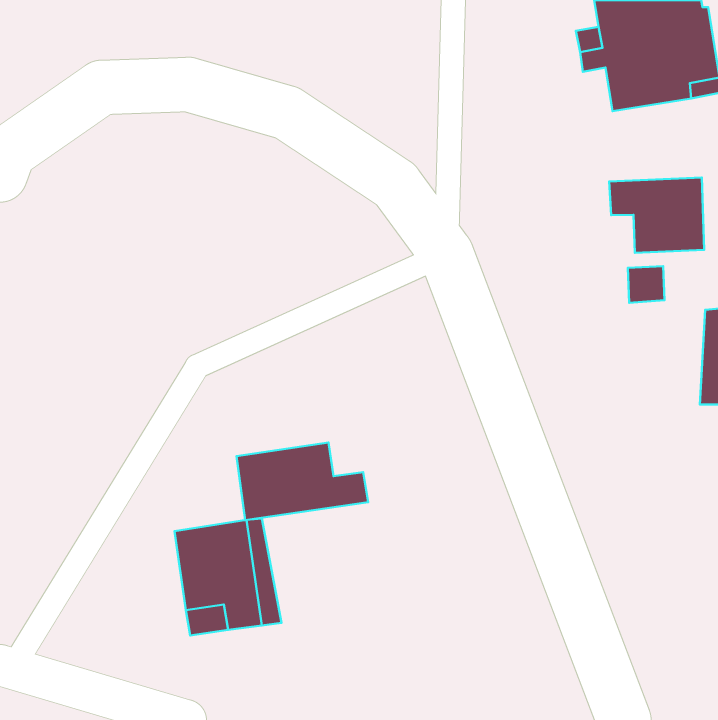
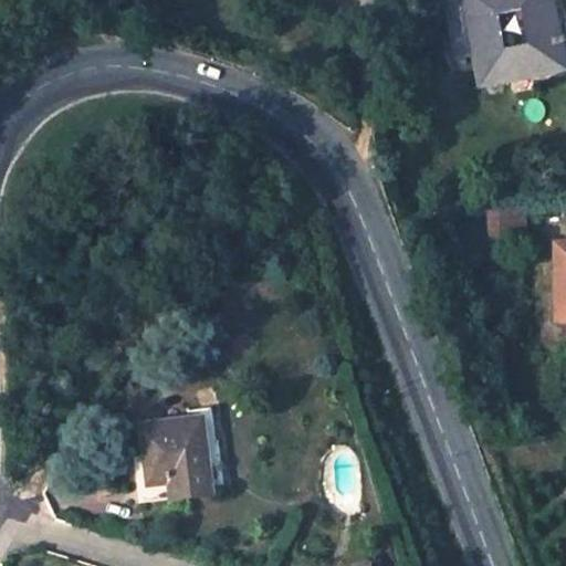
building: [609,178,704,253] -> none
building: [237,442,368,520] -> none

